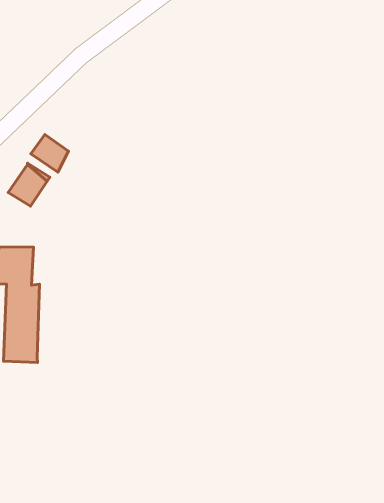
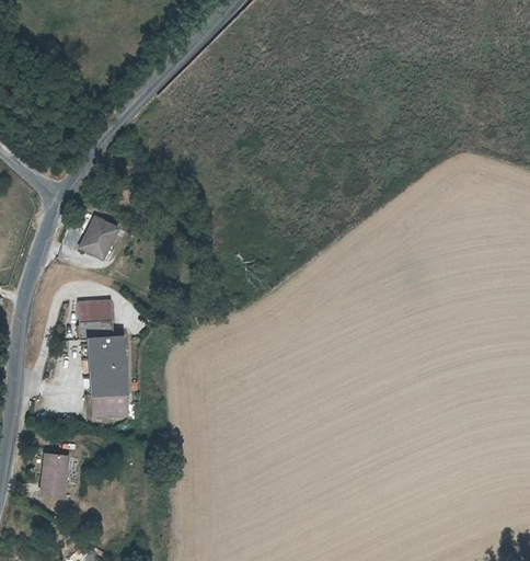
building: [31,135,69,172] -> none

